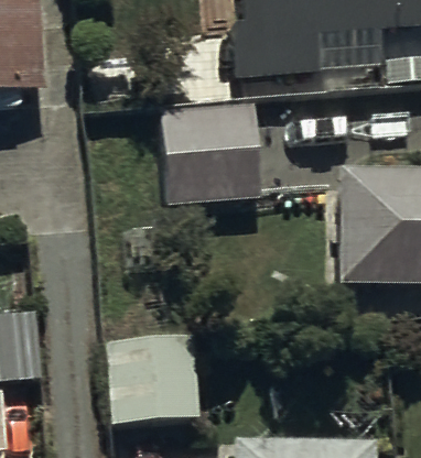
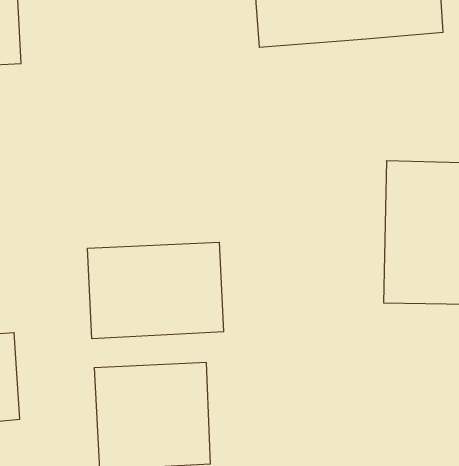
building: [161,103,261,203] -> none
building: none -> [88,242,224,339]

